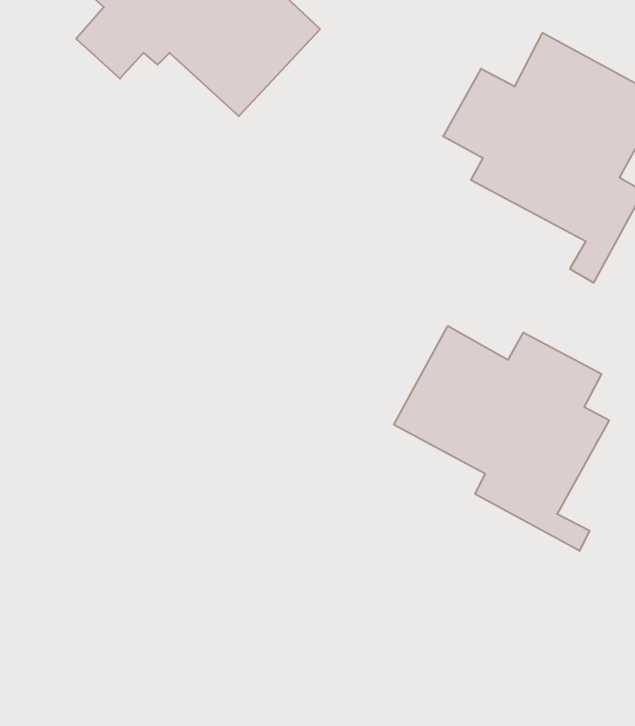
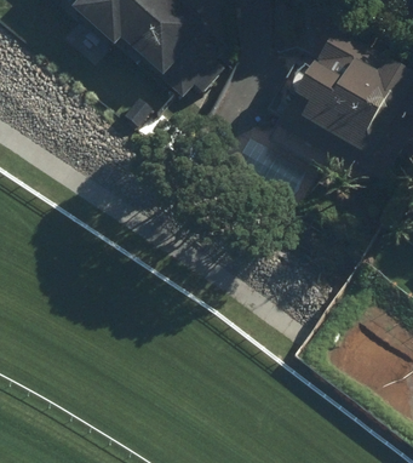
building: [394,326,609,551] -> none

